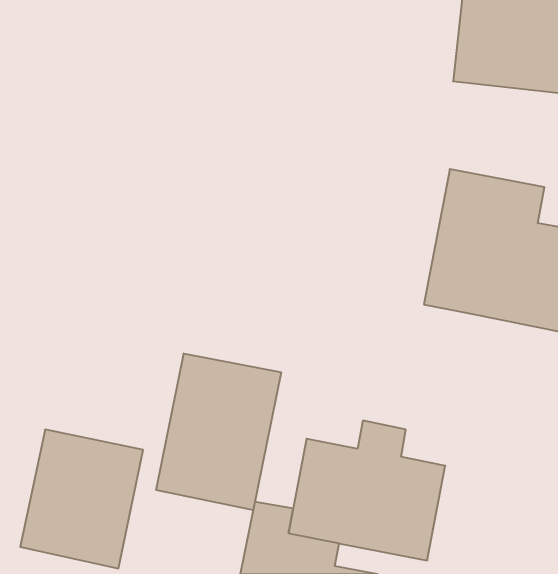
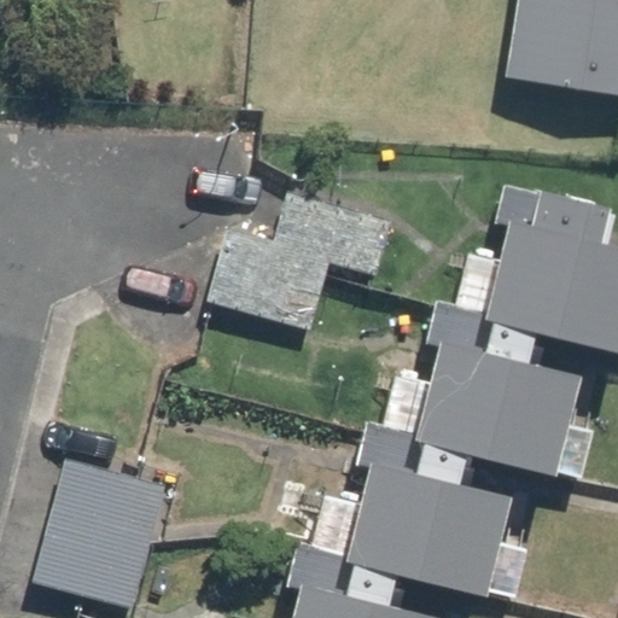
building: none -> [218,182,402,326]
building: none -> [408,319,566,478]
building: [156,353,281,510] -> none

